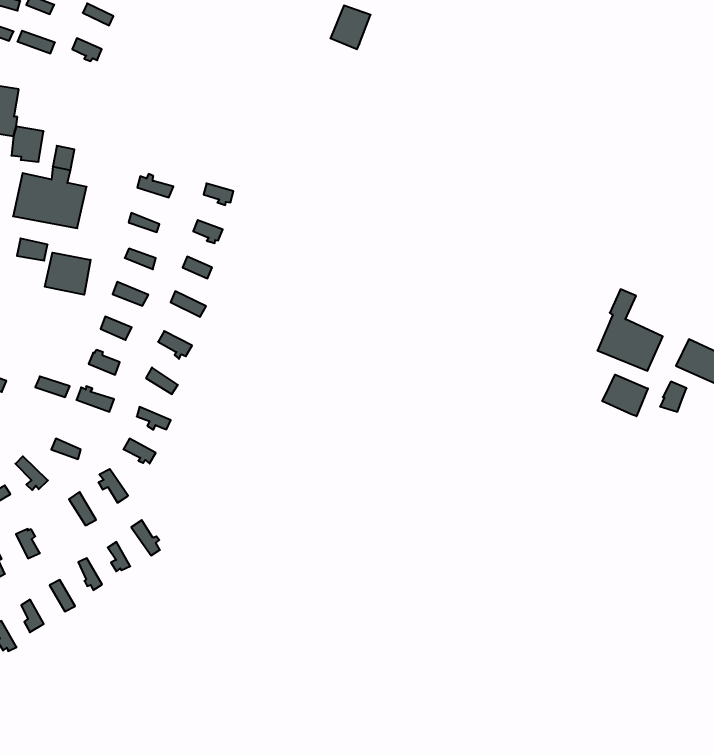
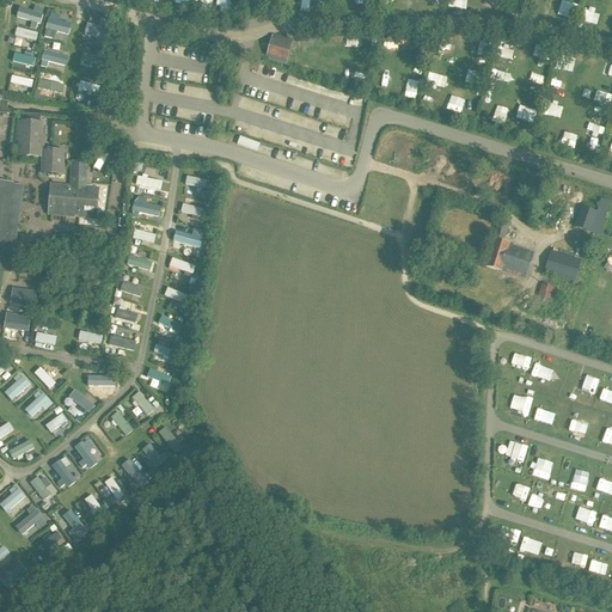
building: [45,253,91,295] -> none
building: [602,375,648,416] -> none

